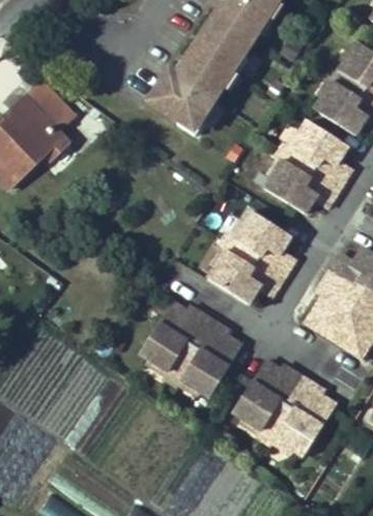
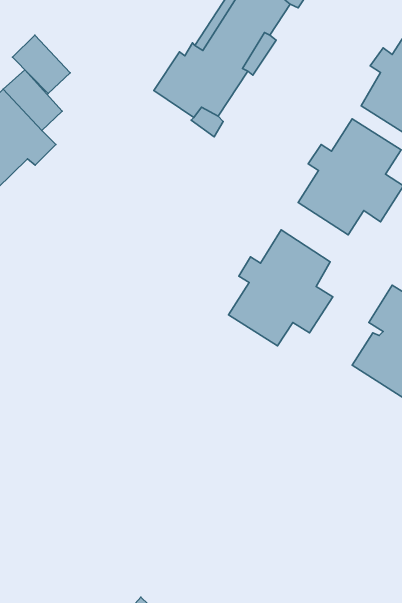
building: none -> [13,35,70,94]
building: [139,302,241,397] -> none
building: [233,359,336,454] -> none

